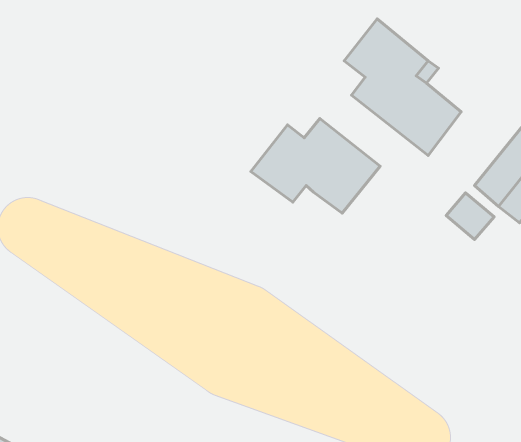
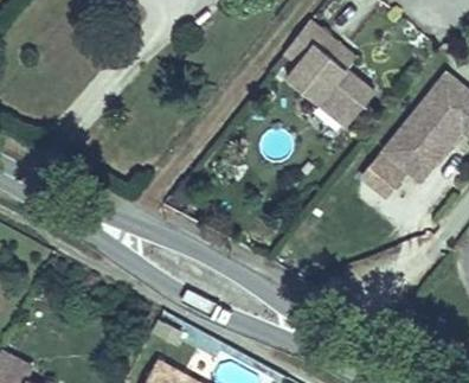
building: [251,118,380,213] -> none

